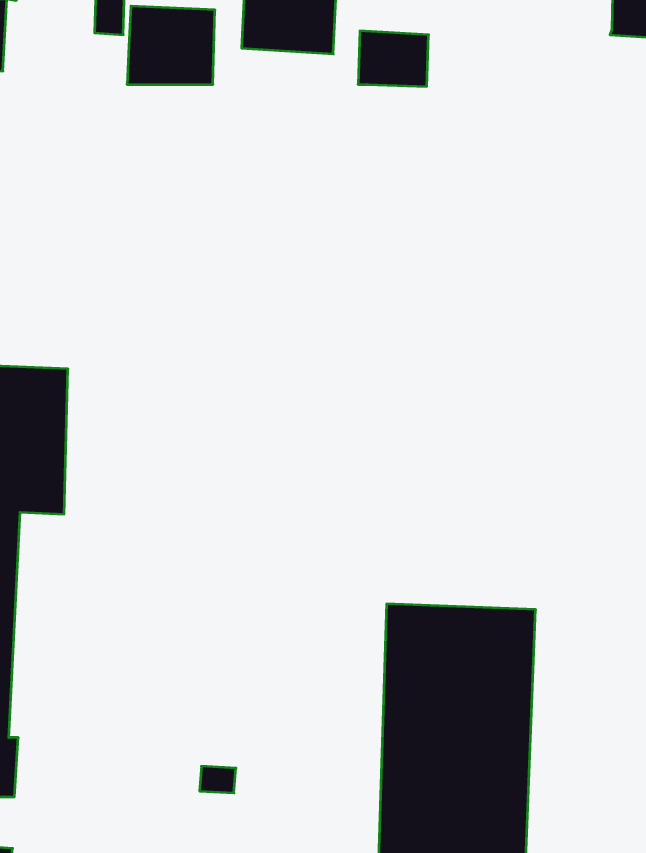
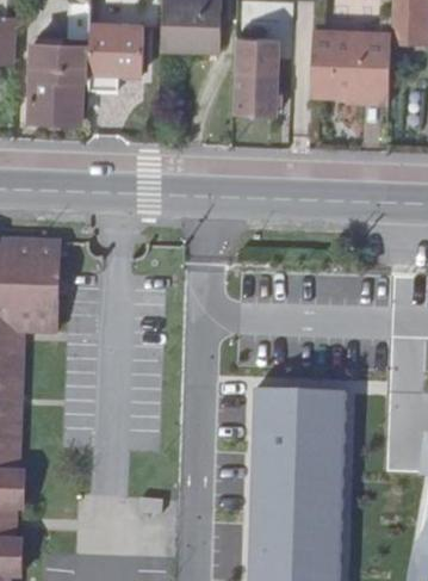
building: none -> [312,31,395,97]
building: none -> [32,43,93,122]
building: none -> [240,69,279,113]

